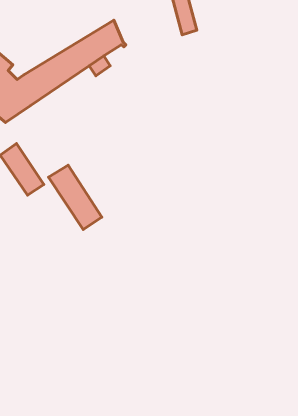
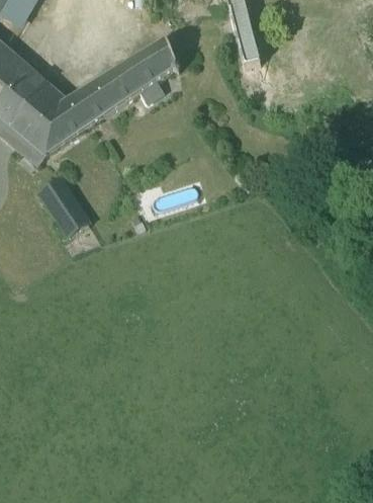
building: [48,165,102,230] -> none

